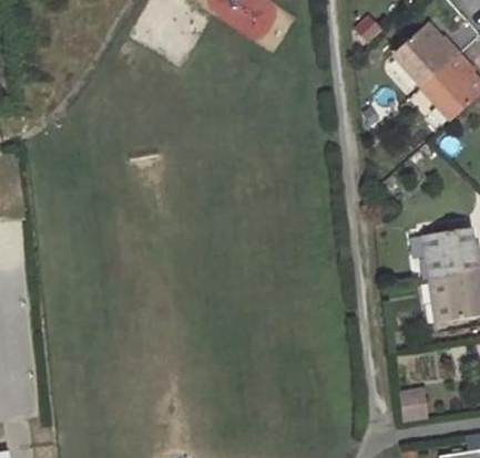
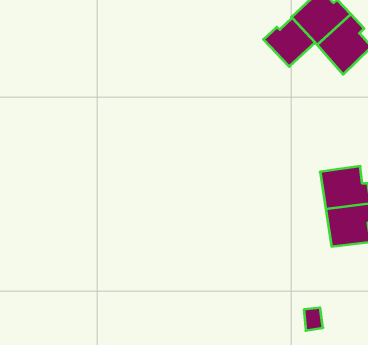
building: none -> [263,18,315,67]

